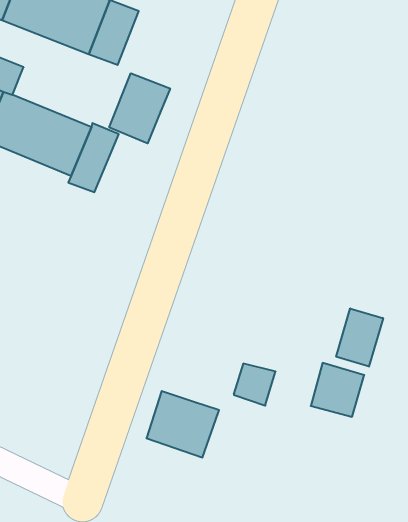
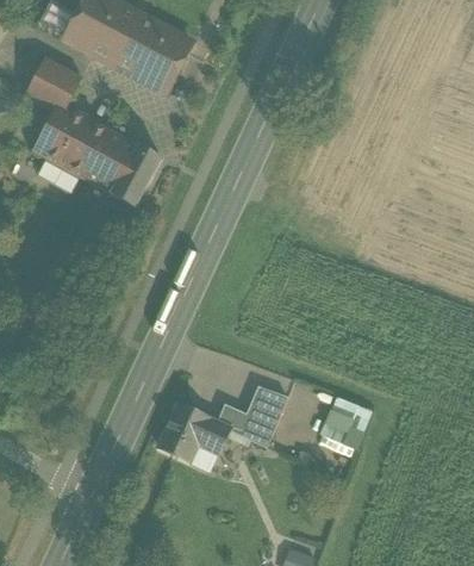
building: [109,73,170,143] -> none
building: [336,308,383,367] -> none
building: none -> [217,402,274,444]

